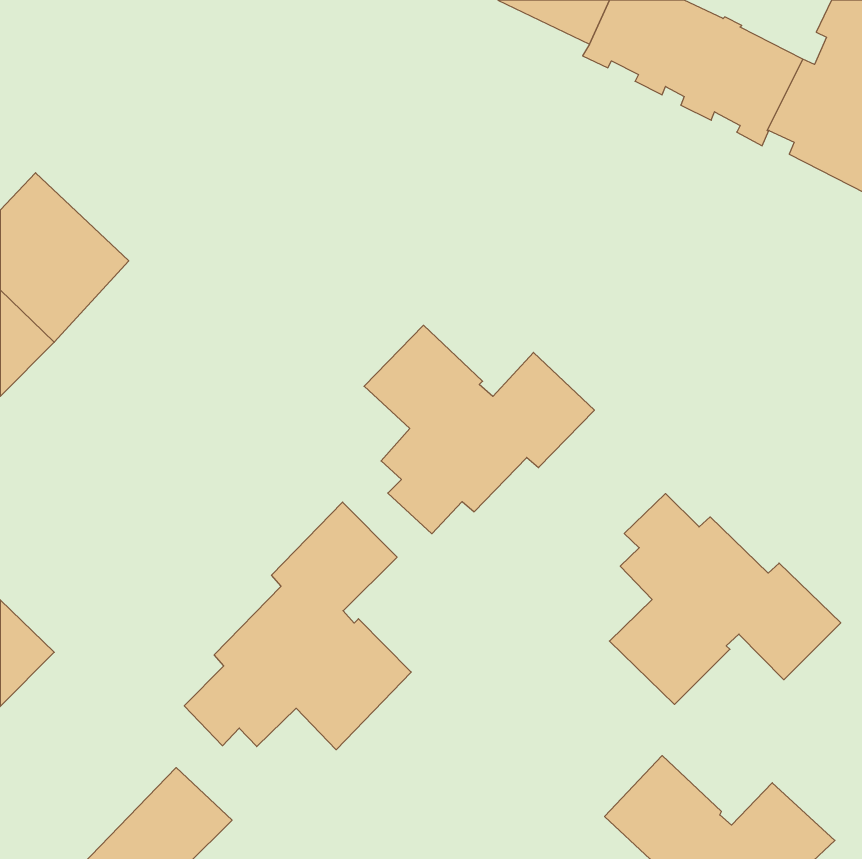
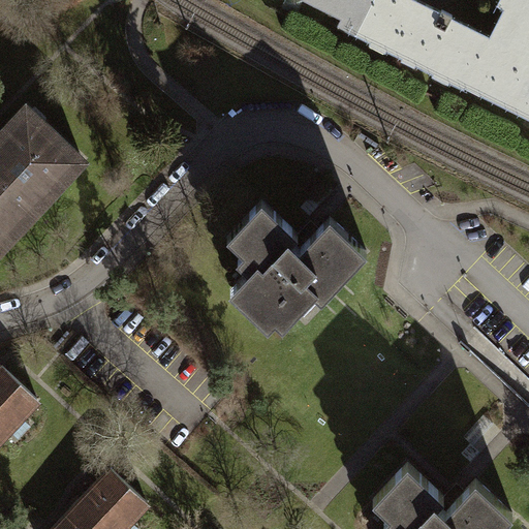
building: [609,494,841,704] -> none
building: [184,502,411,750] -> none

